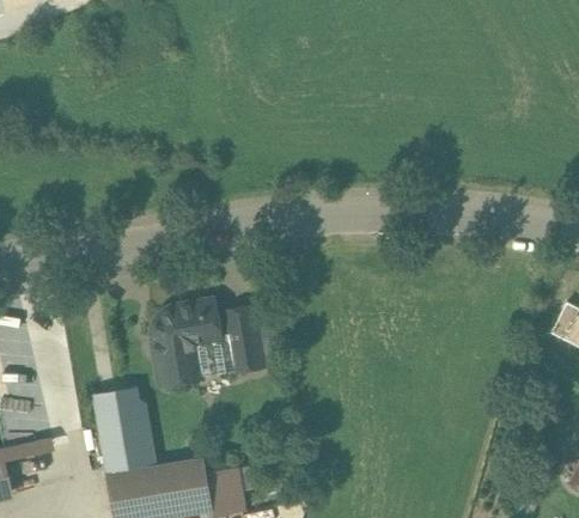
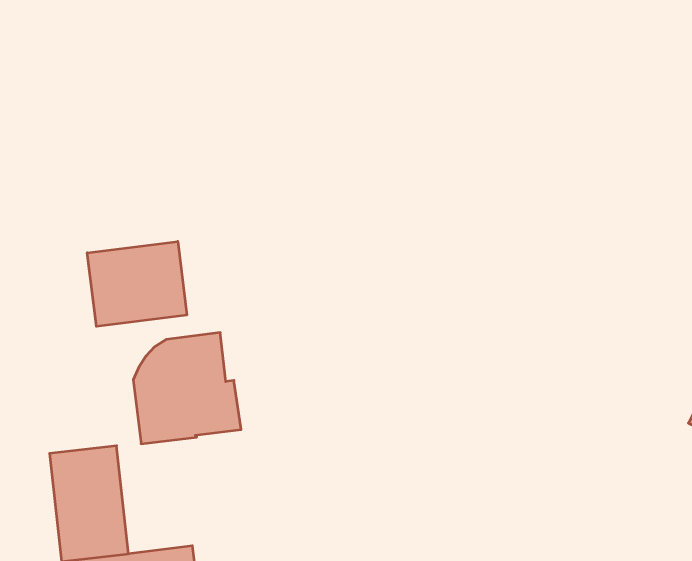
building: none -> [87,241,187,326]
building: [226,324,264,371] -> none

